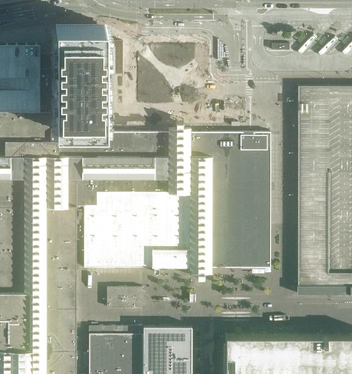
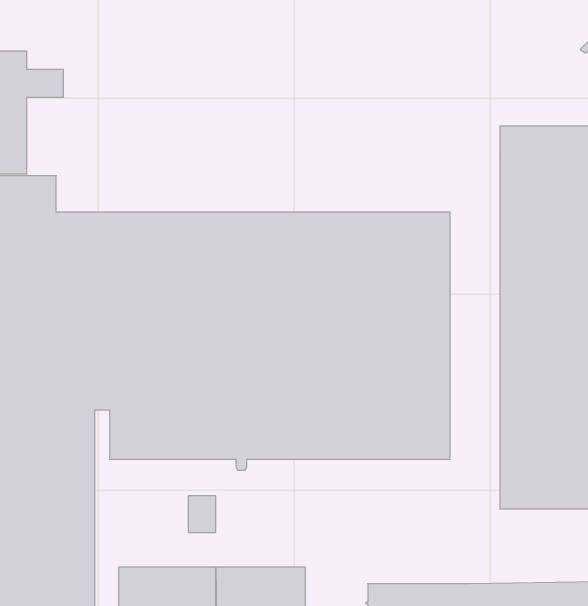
building: [55,25,122,131] -> none
building: [106,288,127,309] -> none

